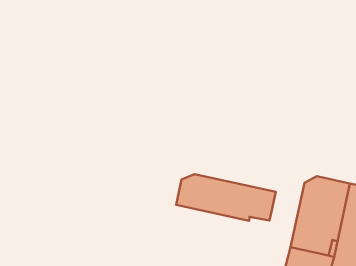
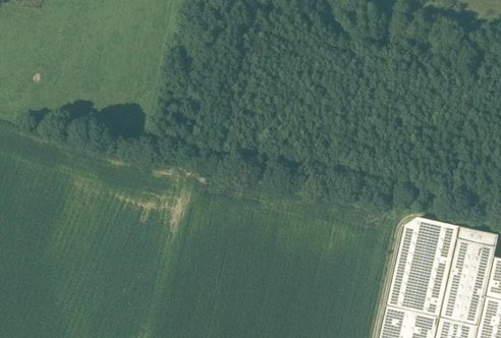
building: [176,174,276,221] -> none

